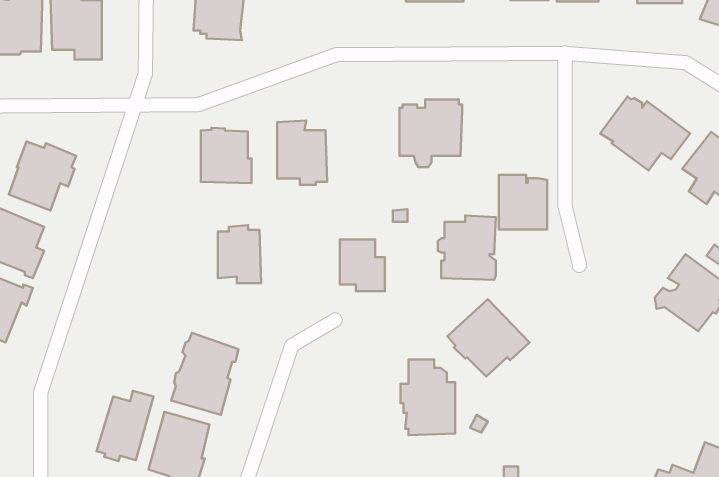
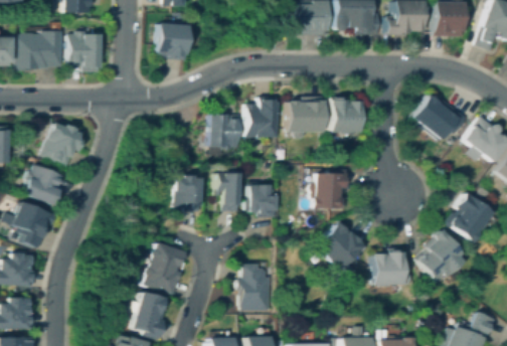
building: none -> [245,97,277,137]
building: [201,128,252,183] -> none
building: [499,175,547,230] -> [331,99,361,133]
building: none -> [213,173,238,211]
building: none -> [415,228,465,284]
building: none -> [372,248,410,285]
building: [400,360,455,435] -> [236,264,271,311]
building: [97,391,153,461] -> none

